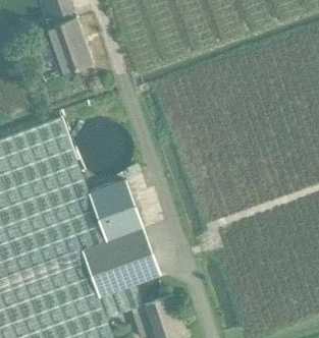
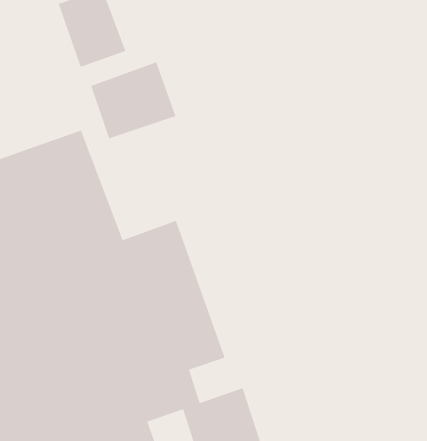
building: none -> [90,61,176,139]

